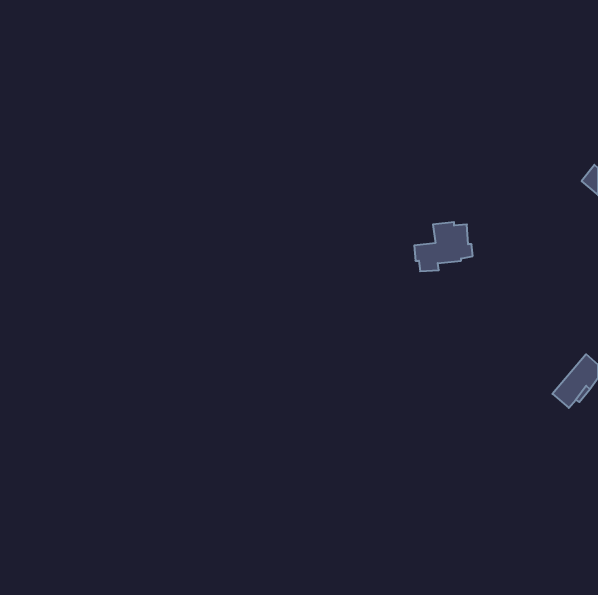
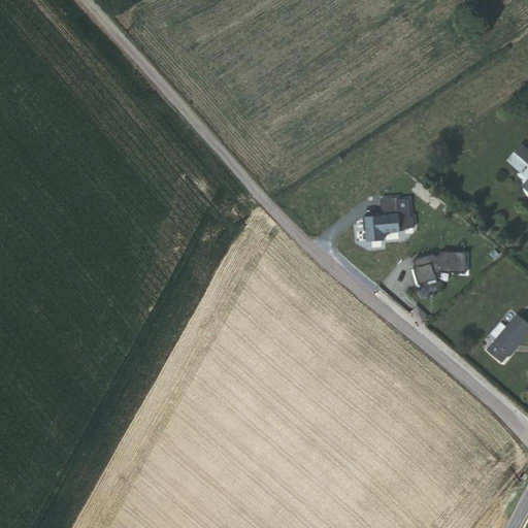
building: none -> [411,251,464,284]

